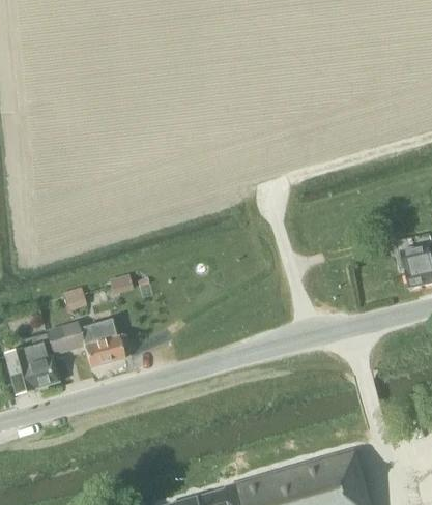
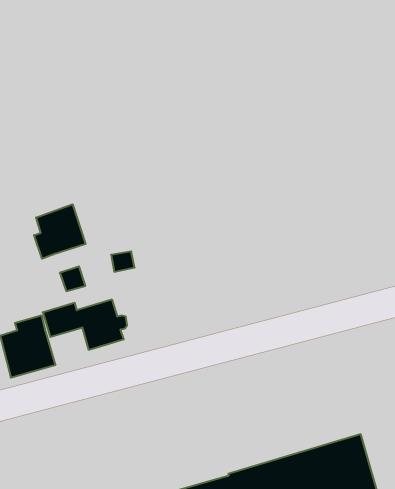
building: none -> [34,204,86,259]

